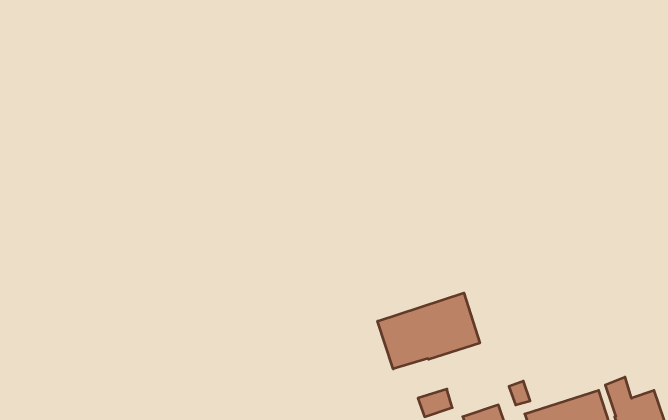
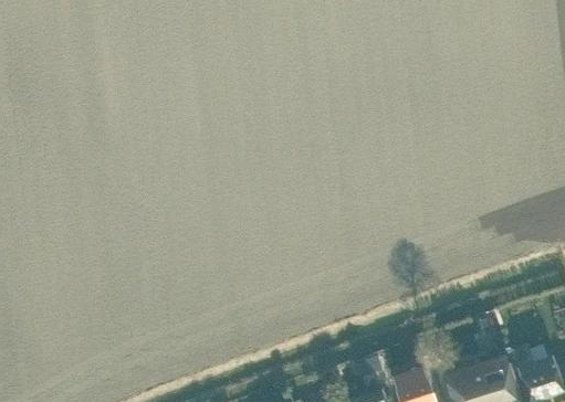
building: [378,293,480,369] -> none

